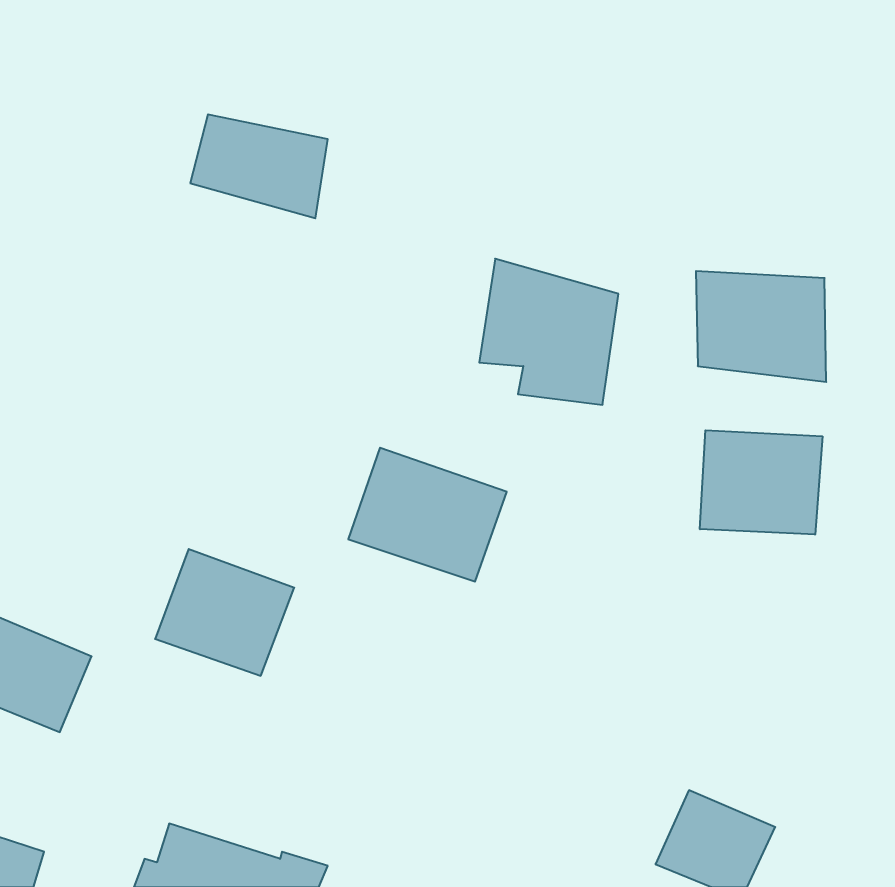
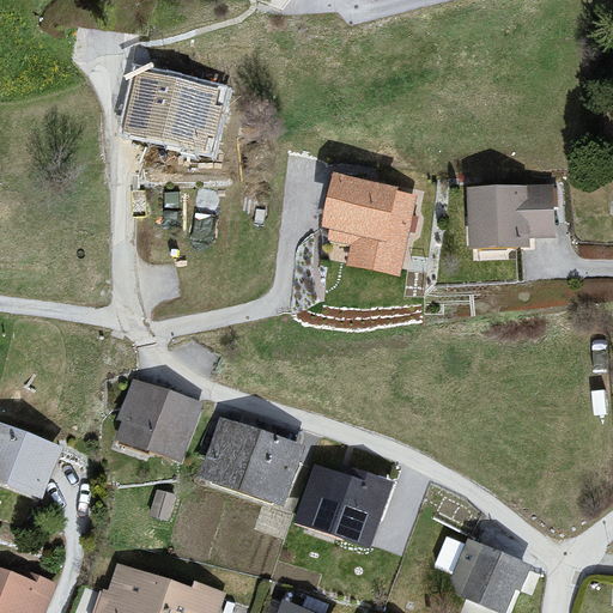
building: [700,430,822,535] -> none
building: [348,448,507,582] -> [196,417,304,508]
building: none -> [293,463,388,548]

